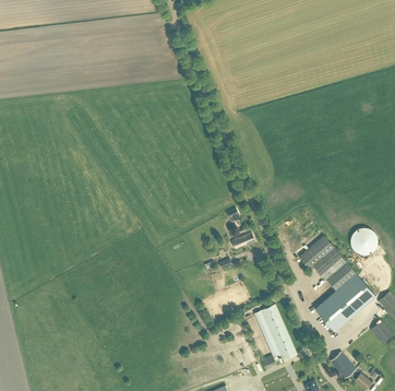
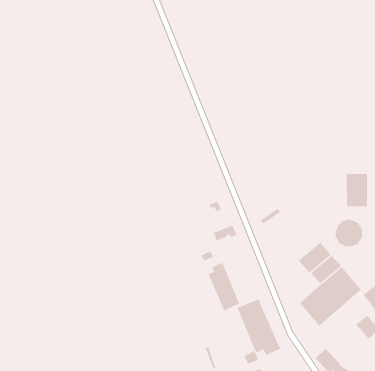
building: none -> [346,173,368,207]
building: [298,235,336,271] -> none
building: none -> [208,262,240,312]

